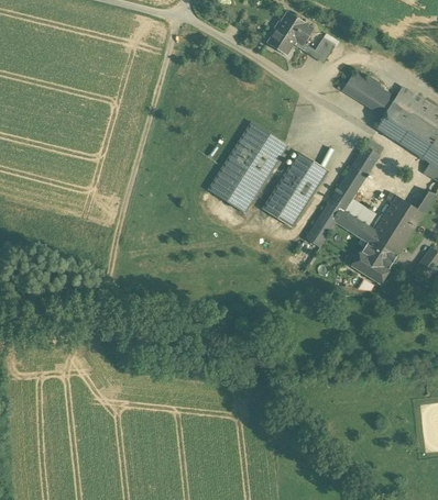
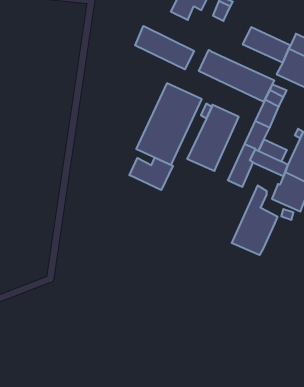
building: none -> [135,26,194,69]
building: none -> [199,50,274,102]
building: none -> [129,157,173,190]
building: none -> [232,185,277,255]

